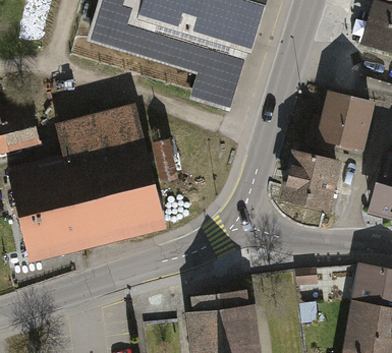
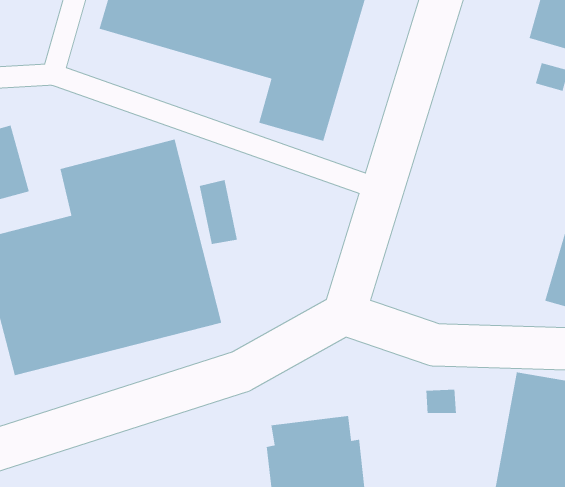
building: [314,96,372,155] -> none
building: [289,155,340,214] -> none

